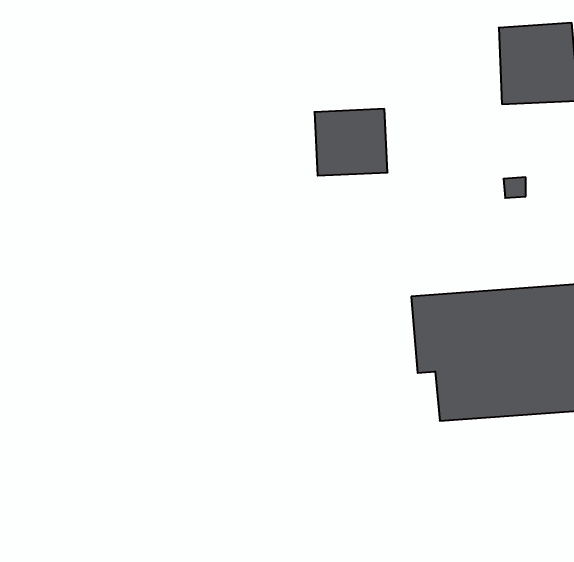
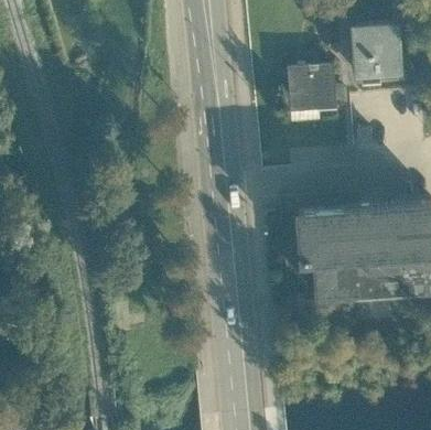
building: [314,109,388,176] -> [288,66,338,112]

